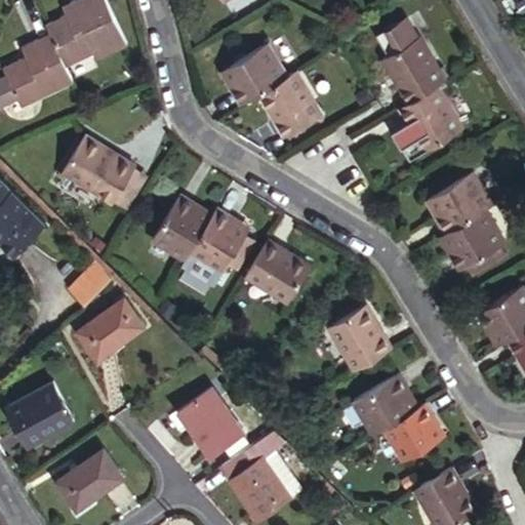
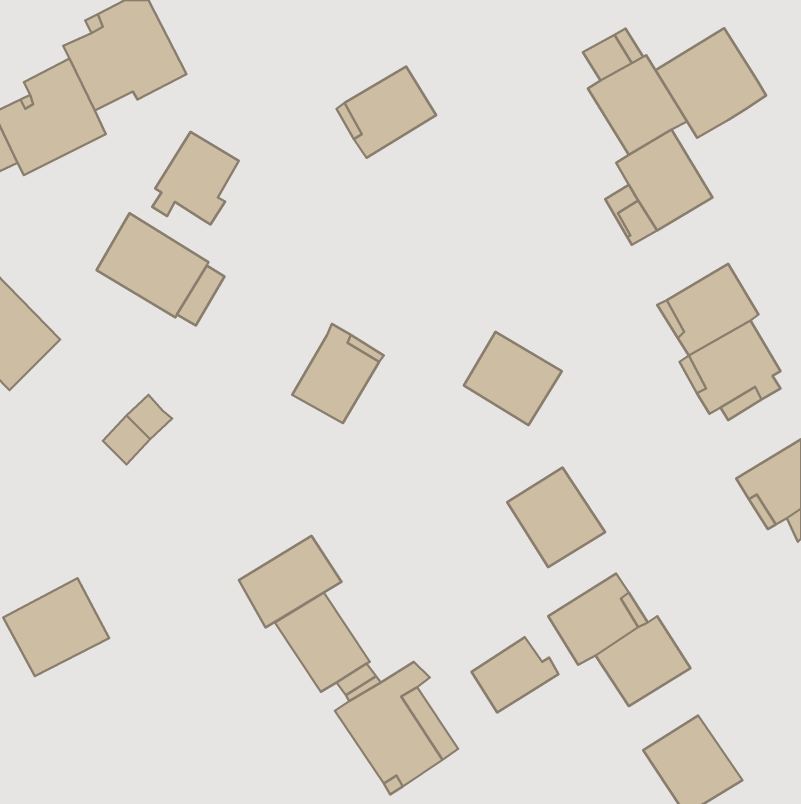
building: none -> [655,28,766,138]
building: [256,72,320,138] -> none
building: none -> [152,132,239,225]
building: [152,199,212,265] -> none
building: [246,243,310,304] -> [464,332,562,425]
building: [76,296,143,356] -> [239,536,341,628]
building: none -> [472,637,558,712]
building: [52,445,116,506] -> none

